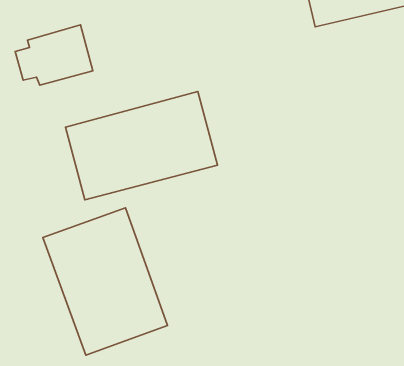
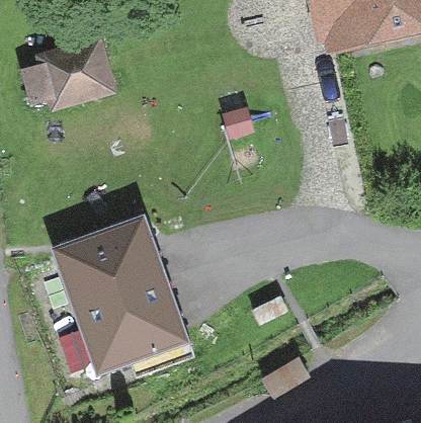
building: [66,91,218,200] -> none

